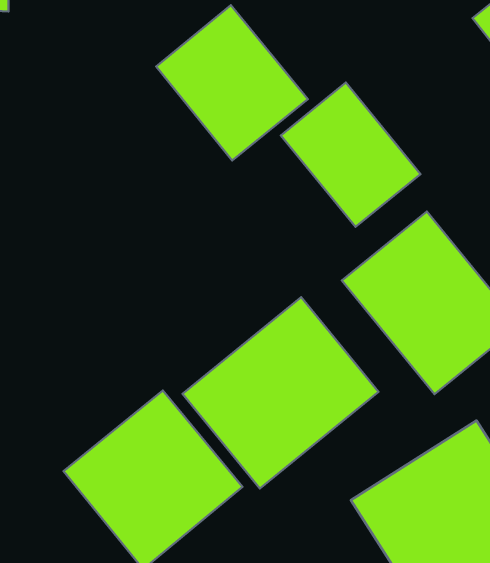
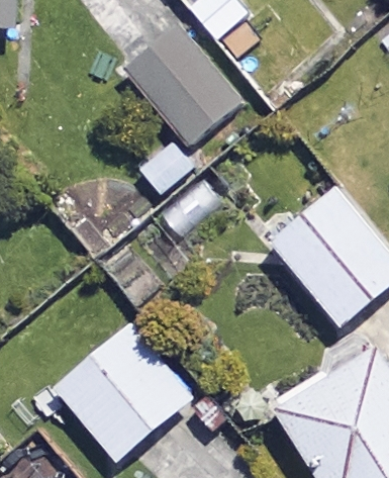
building: [281,83,420,227] -> none
building: [183,297,379,489] -> none

